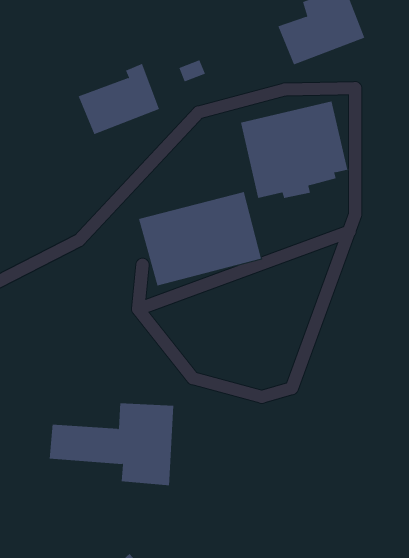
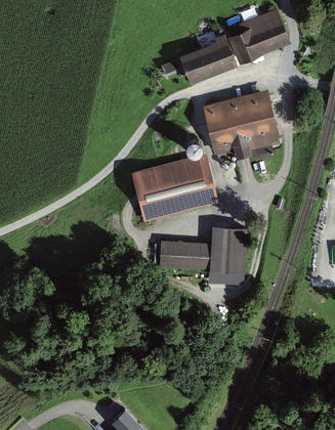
building: [78,63,160,135] -> [178,34,237,85]
building: [49,403,174,486] -> [159,225,248,285]

